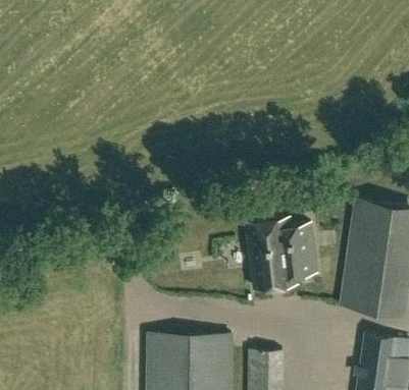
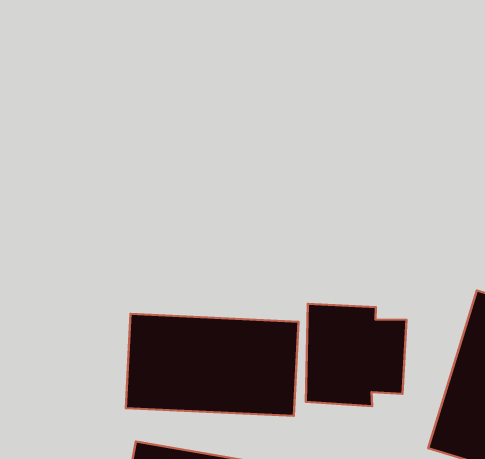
building: none -> [126,314,299,416]

